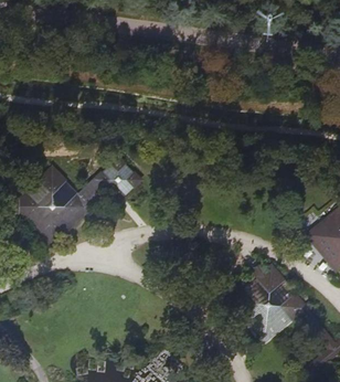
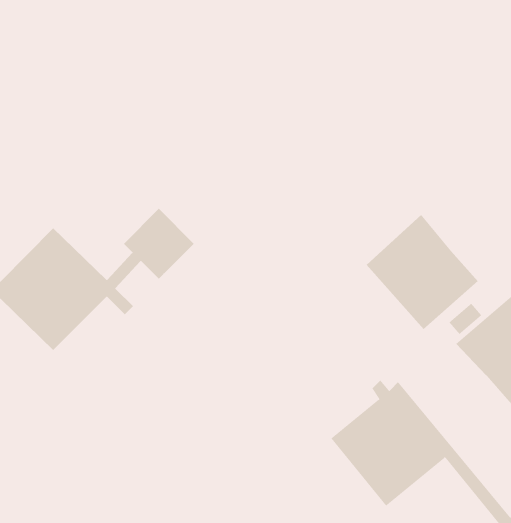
building: none -> [366,214,479,330]

